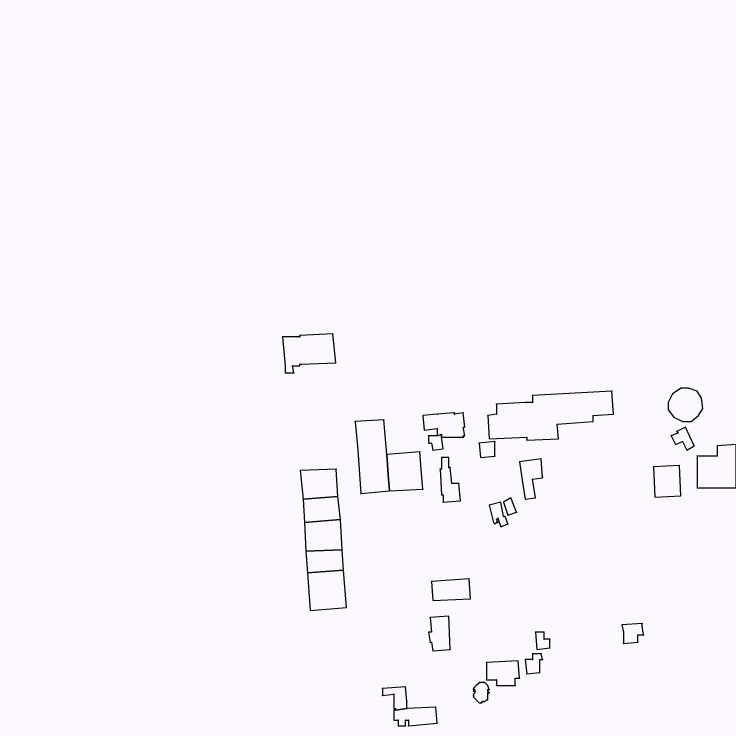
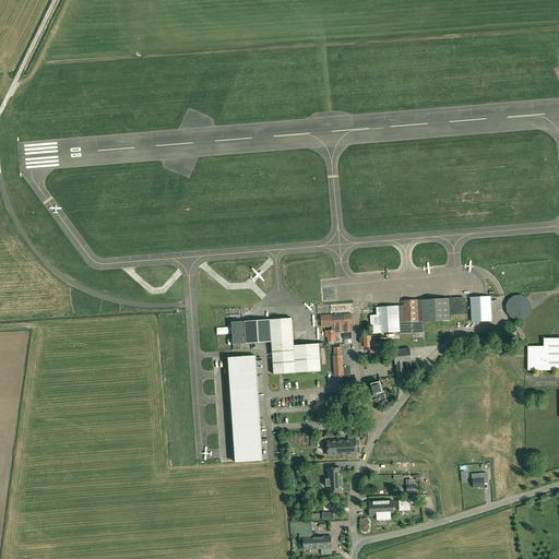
building: [282,334,336,373] -> [230,319,271,348]
building: [653,465,681,497] -> [471,296,491,320]

